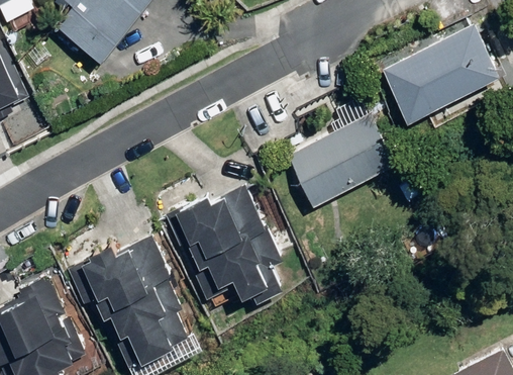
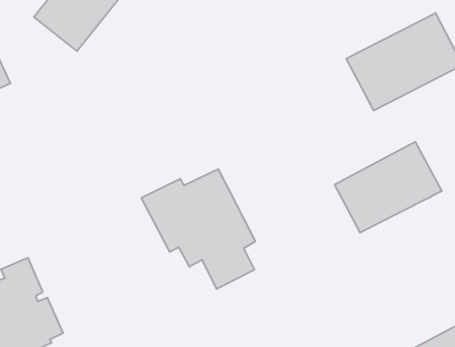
building: [286,113,397,207] -> [335,142,442,233]
building: [71,237,190,366] -> none

